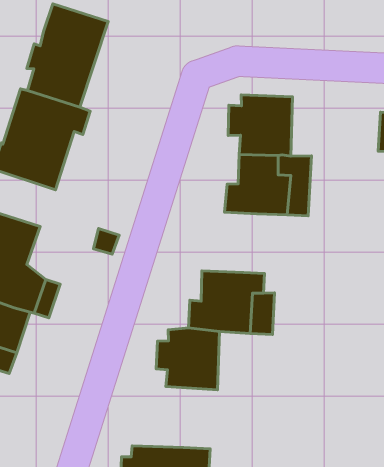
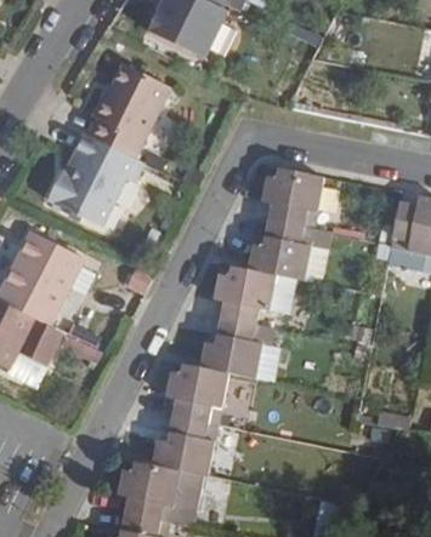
building: none -> [212,265,274,325]
building: none -> [152,415,216,476]

